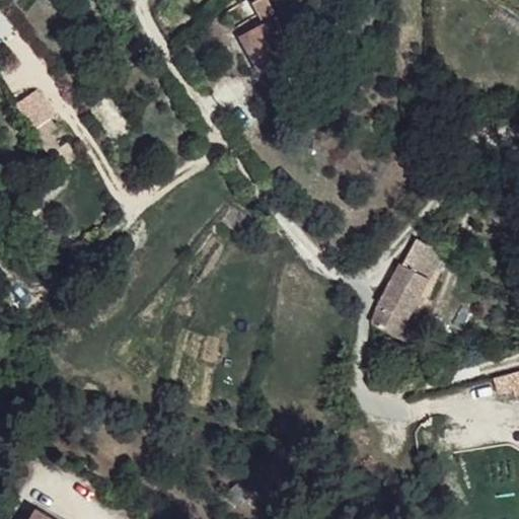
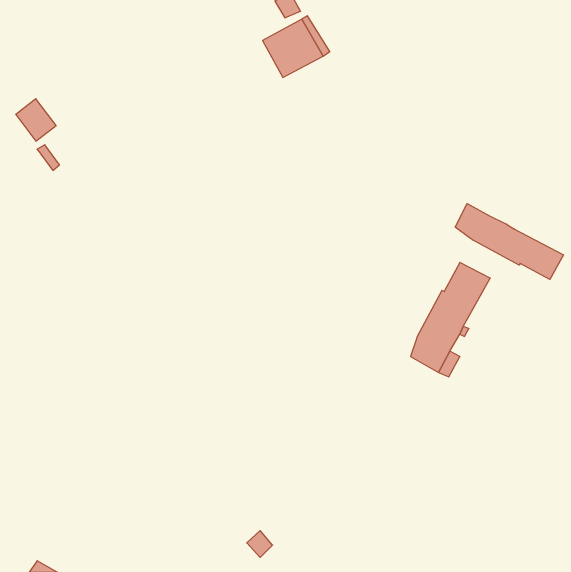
building: none -> [455,204,564,279]

